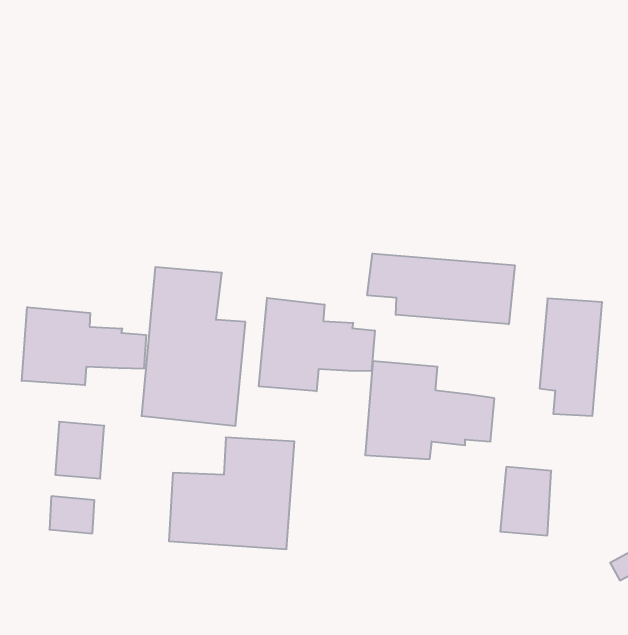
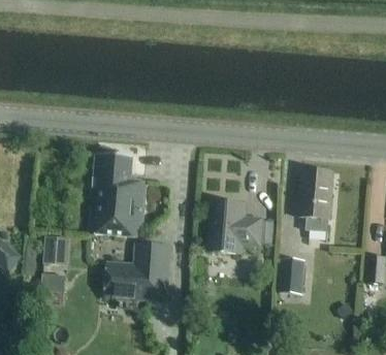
building: [367,253,515,324] -> none
building: [259,298,375,391] -> none
building: [22,307,146,385] -> none

